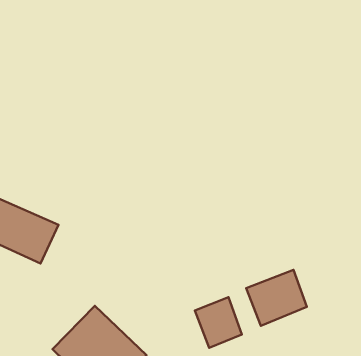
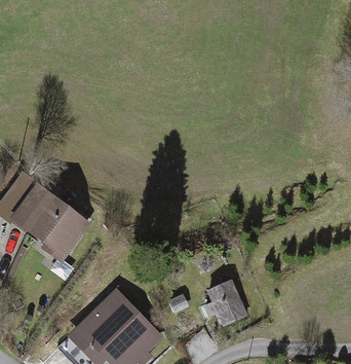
building: [246,270,307,326] -> none

